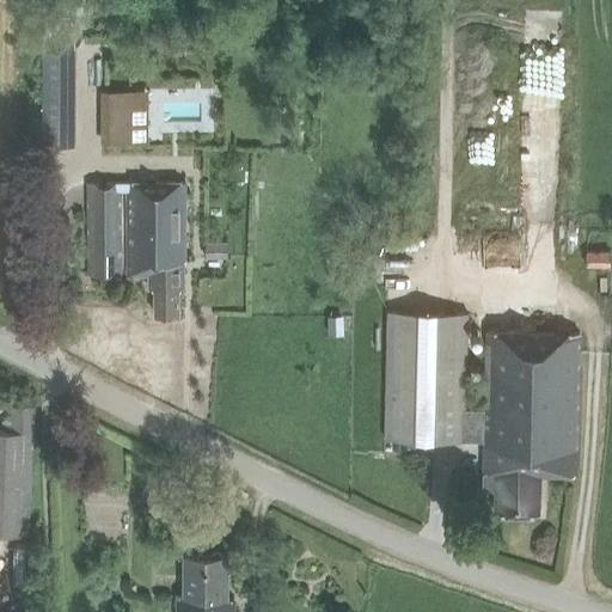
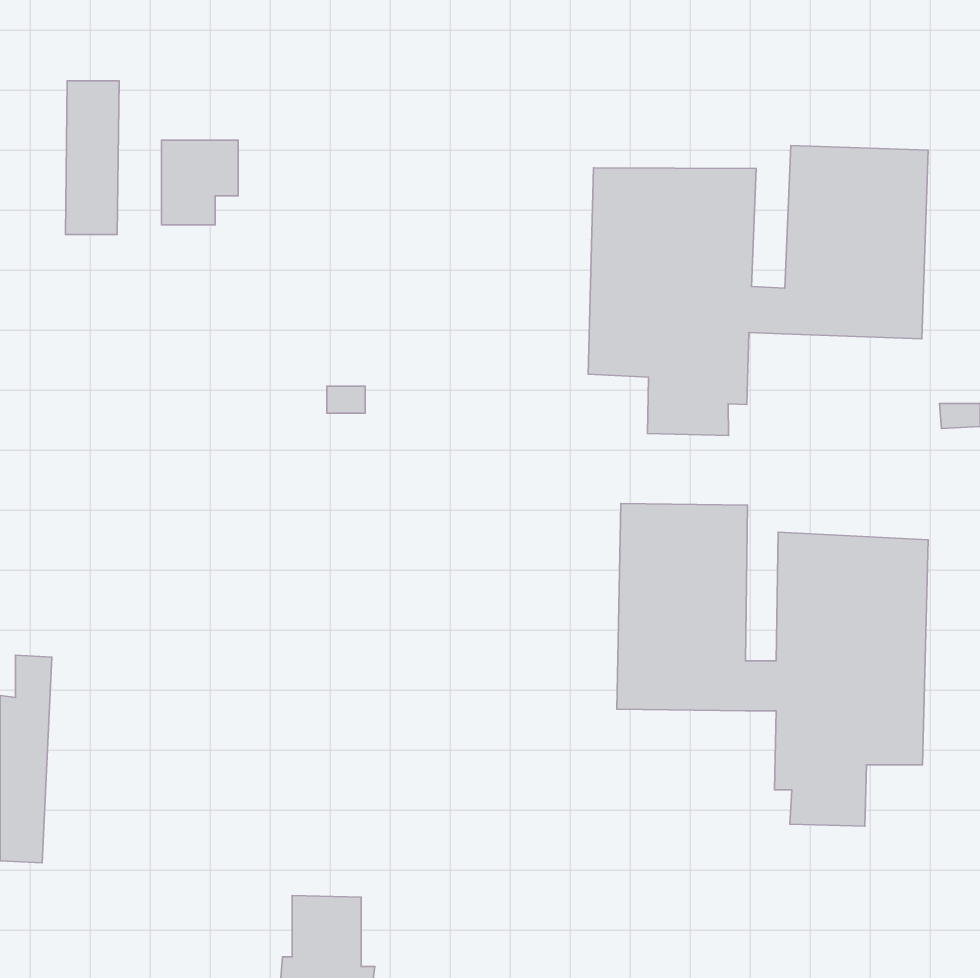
building: none -> [588,145,928,436]
building: [86,186,186,319] -> none

